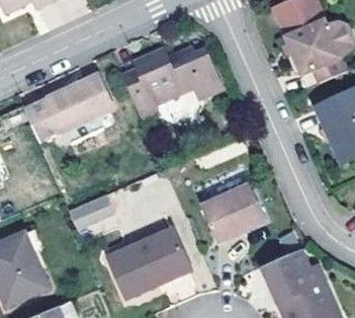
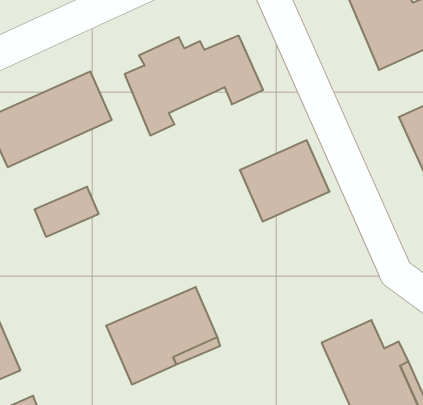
building: [202,184,266,242] -> [240,140,330,222]
building: [69,194,114,230] -> [34,187,99,237]

